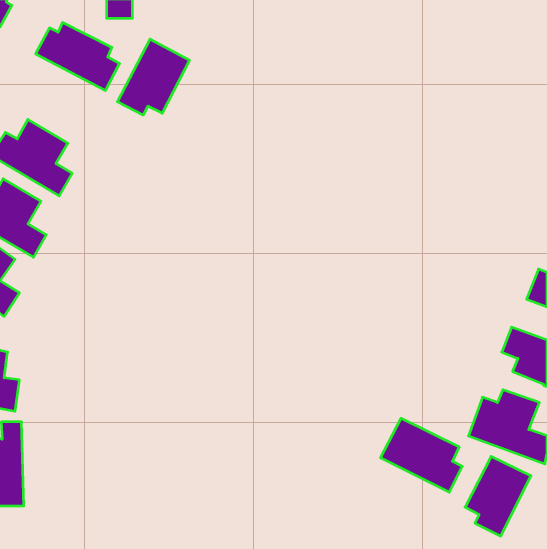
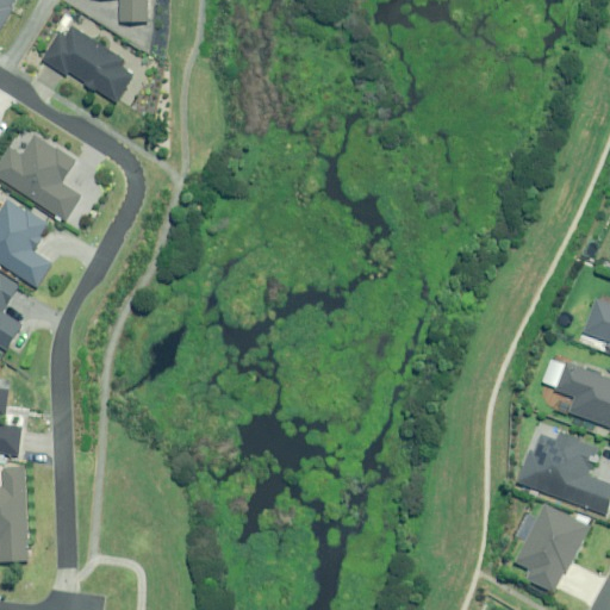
building: [117,39,189,115] -> none
building: [381,418,462,492] -> none

